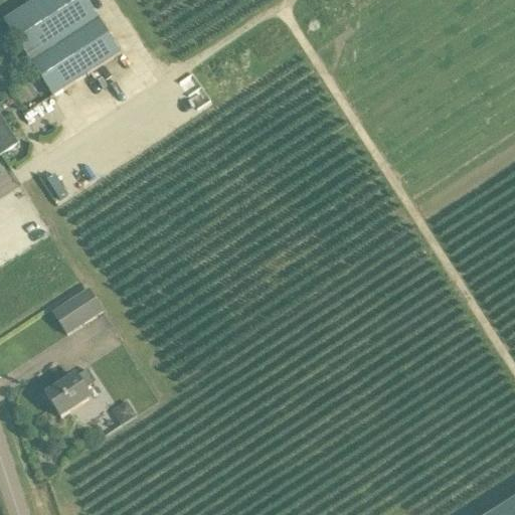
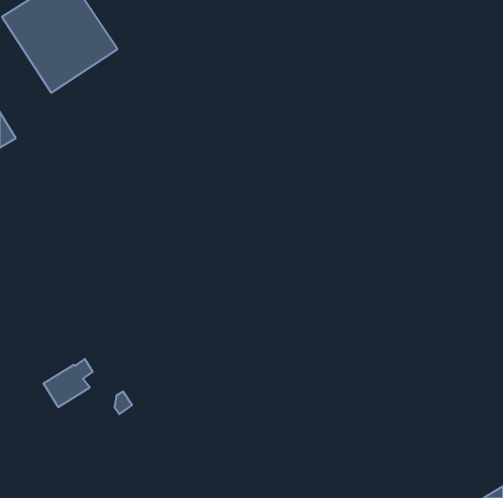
building: [52,287,103,332] -> none

